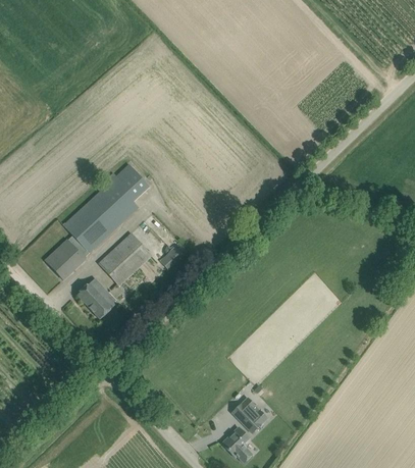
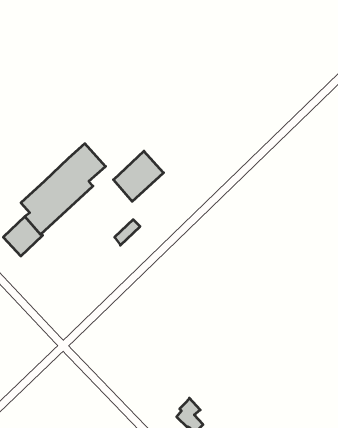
building: [99,232,151,284] -> [113,151,164,201]
building: [76,277,117,318] -> none
building: [231,397,267,432] -> none

